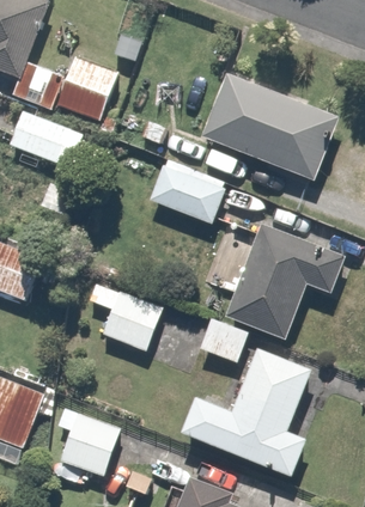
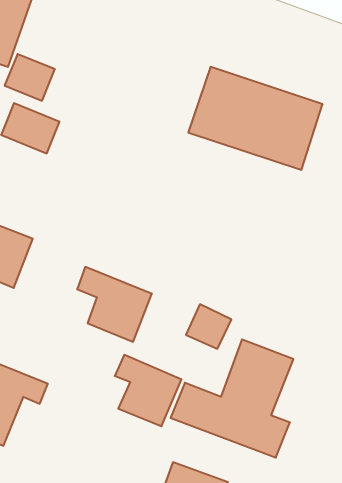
building: [57,57,120,123] -> none
building: [151,157,231,224] -> none
building: [225,221,345,341] -> none
building: [54,405,122,478] -> [115,355,181,426]

